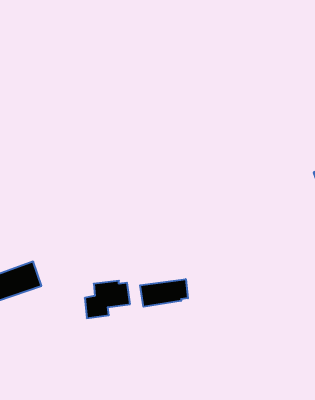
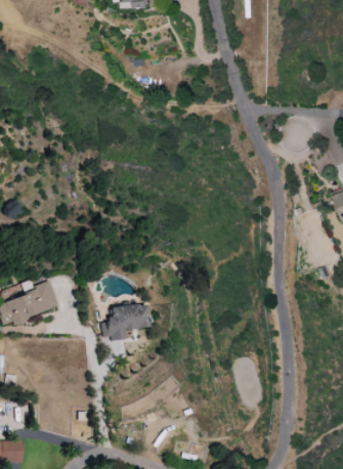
building: [140,279,188,307] -> none

